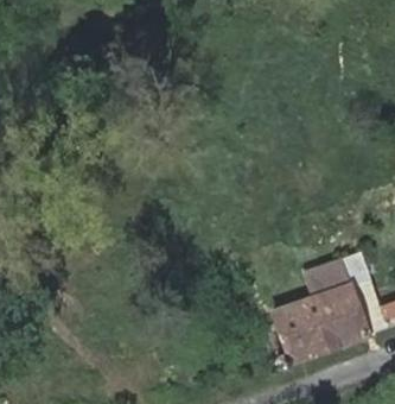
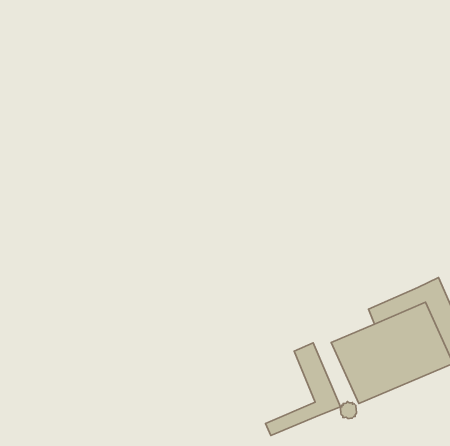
building: none -> [265,343,340,436]

